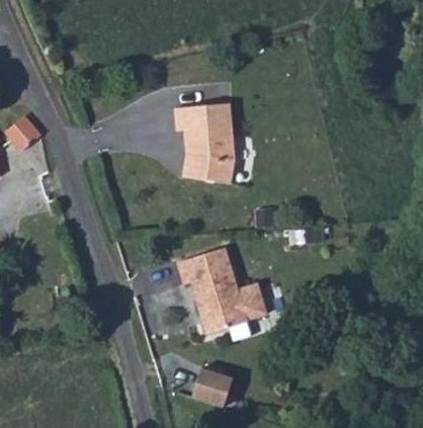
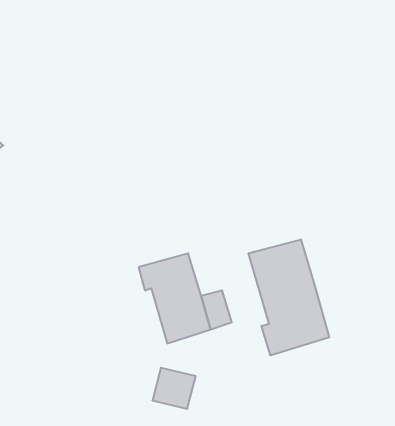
building: [179,107,235,184] -> none
building: none -> [249,239,329,355]

